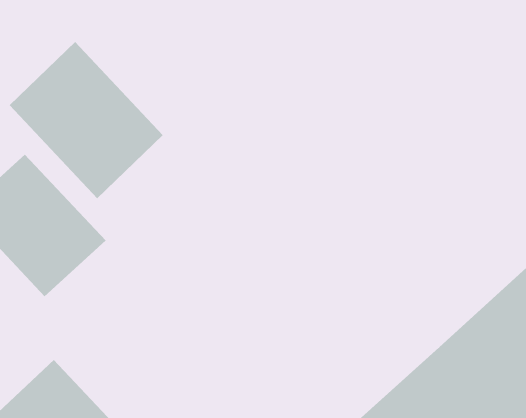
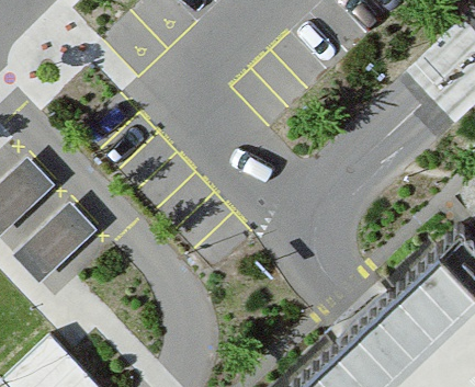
building: [9,41,164,199] -> none

